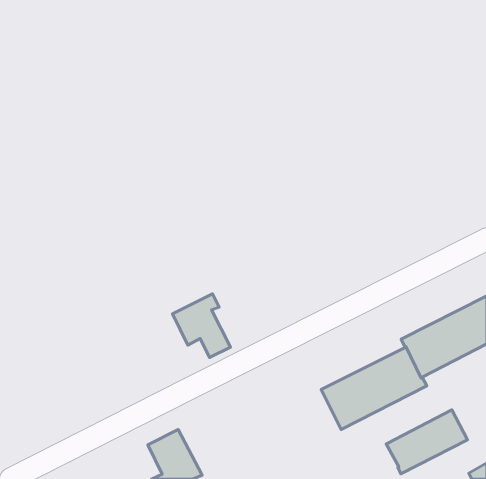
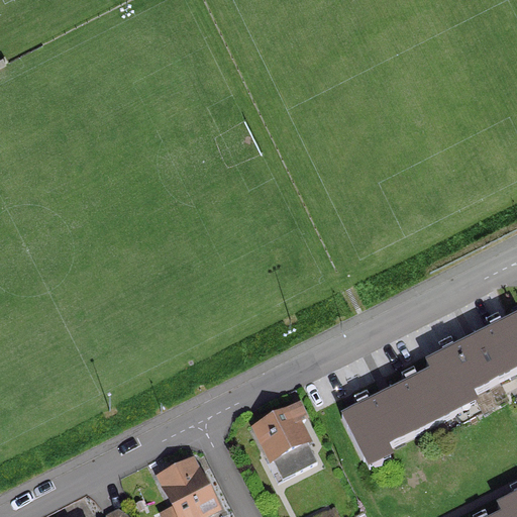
building: [172,294,231,358] -> [254,402,316,470]
building: [386,410,467,474] -> none

